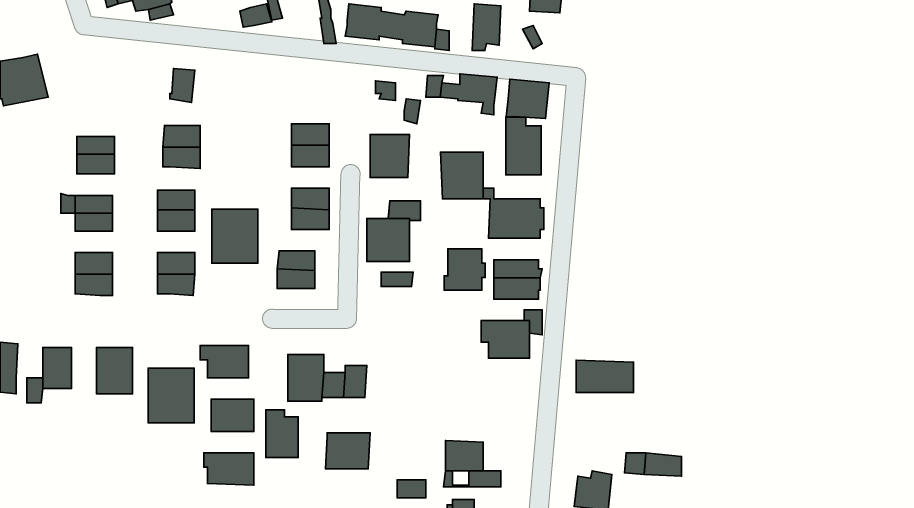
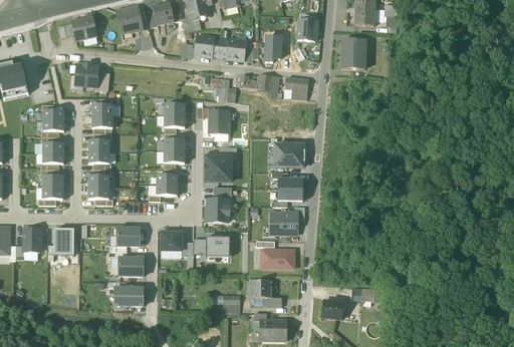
building: none -> [341,39,365,68]
building: none -> [75,62,98,85]
building: [506,117,541,175] -> none
building: [440,152,483,199] -> none
building: [212,209,258,263] -> none
building: [444,249,485,290] -> [206,198,229,221]
building: [576,360,633,392] -> [261,249,293,267]
building: [148,368,194,423] -> none
building: [266,410,298,458] -> none
building: [325,433,370,469] -> [205,236,230,256]

